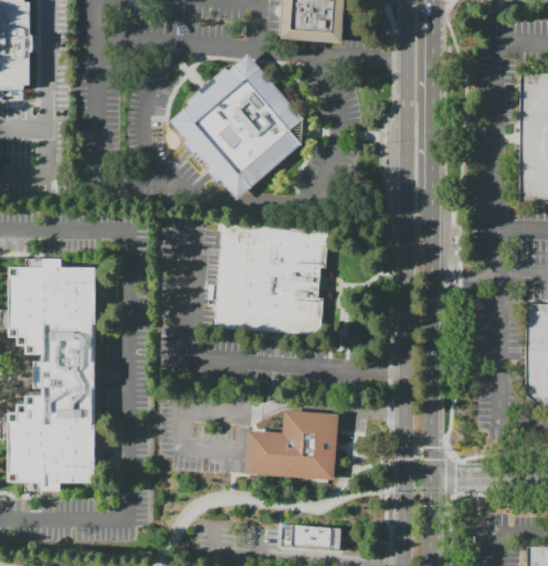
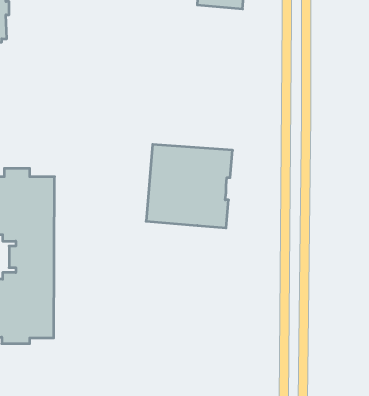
building: [169,53,303,198] -> none
building: [245,409,339,479] -> none
building: [281,526,340,552] -> none

